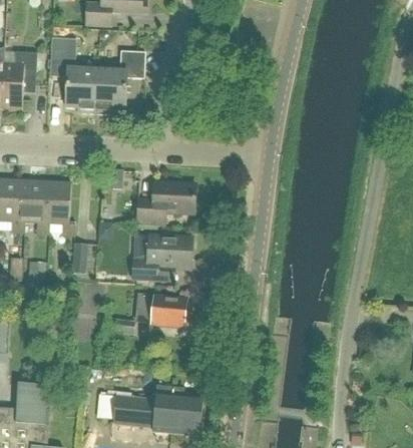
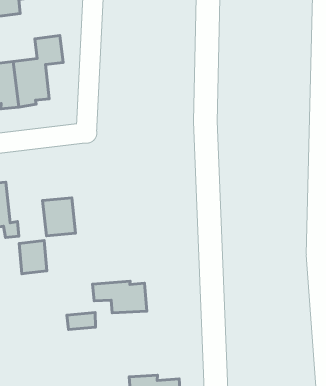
building: [136,180,194,222] -> none
building: [132,234,192,280] -> none

